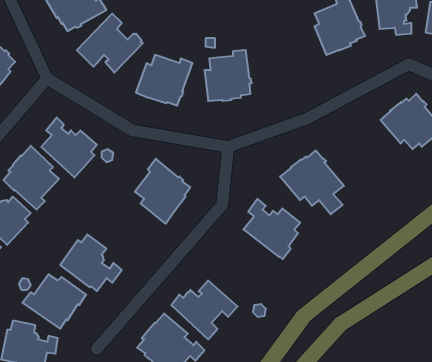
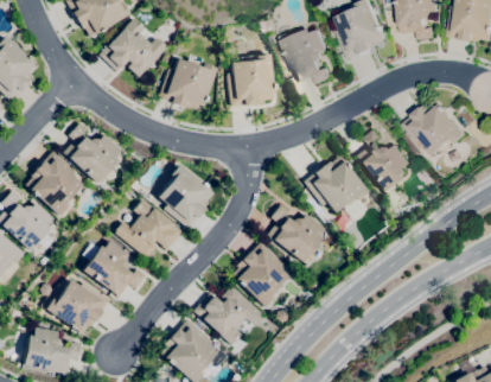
building: none -> [282,30,333,84]
building: none -> [357,129,413,193]
building: none -> [115,199,181,257]
building: none -> [232,242,291,306]

